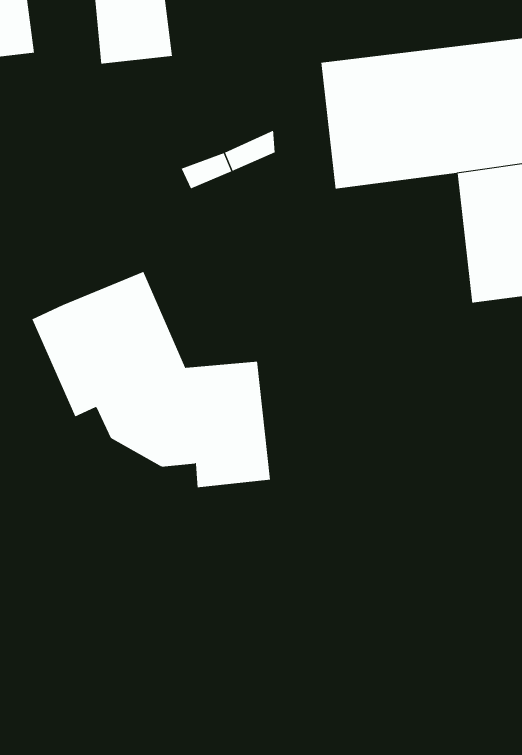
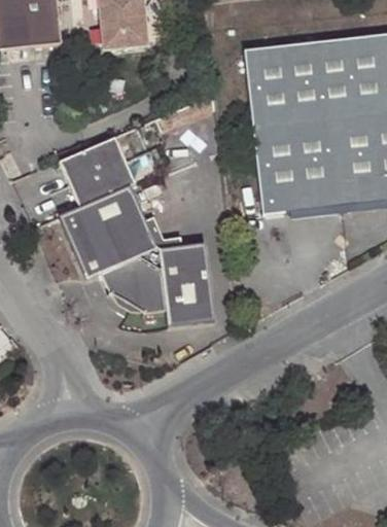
building: none -> [253,120,341,213]
building: none -> [59,136,134,205]

